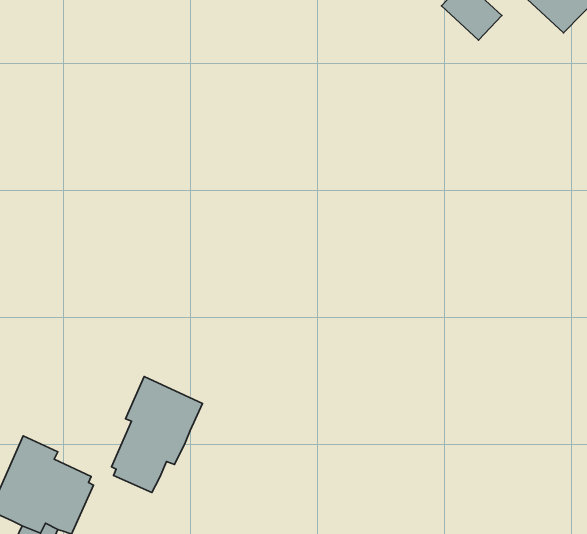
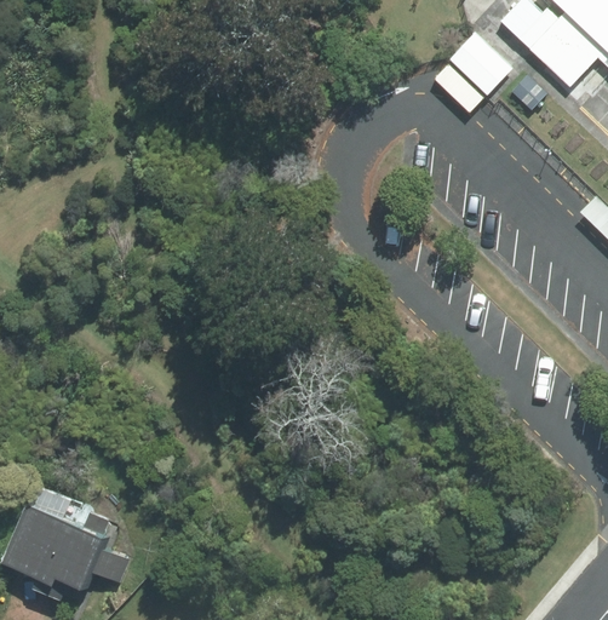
building: [112,377,202,493] -> none

